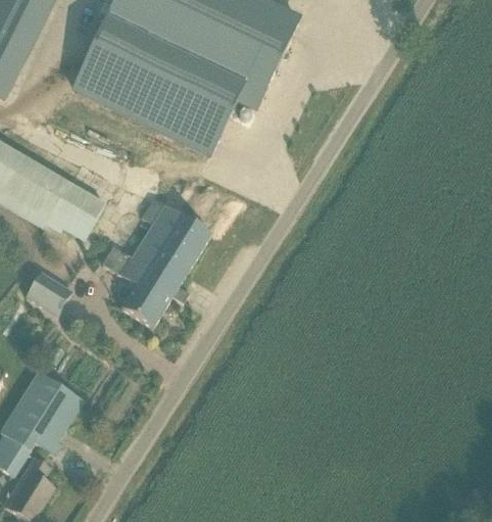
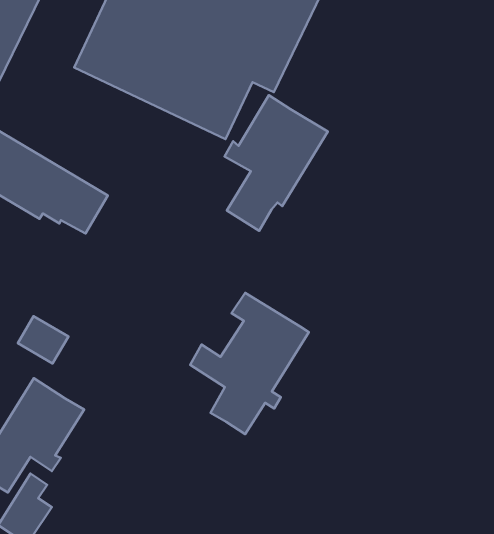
building: none -> [224,95,328,231]
building: [102,198,210,327] -> [190,293,309,434]
building: [24,272,70,315] -> [18,316,68,363]

